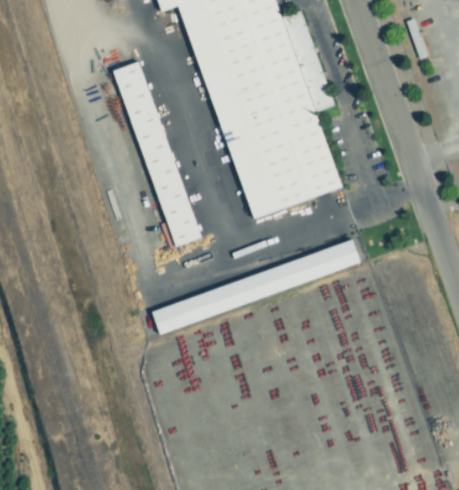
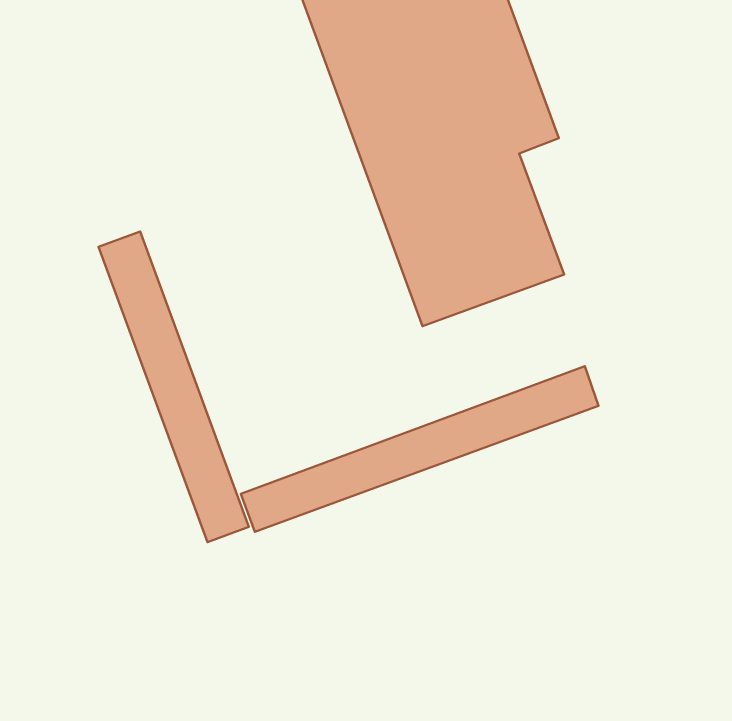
building: [112,64,200,246] -> [99,231,249,542]

